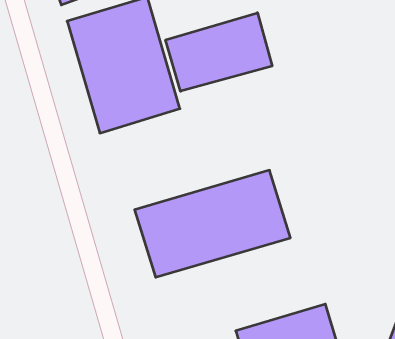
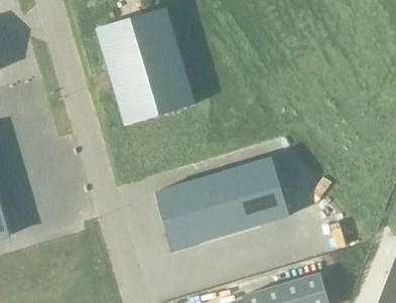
building: [166,13,272,91] -> none

